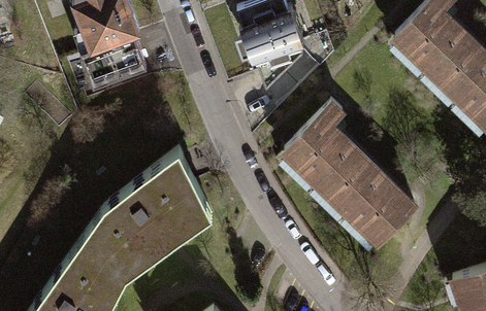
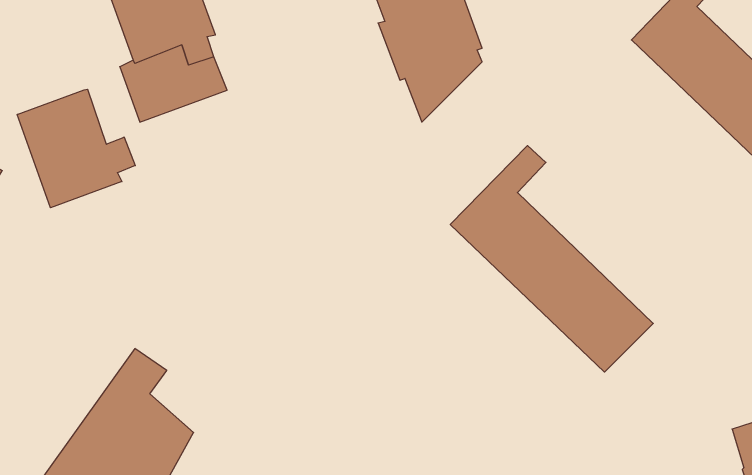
building: none -> [17,89,135,208]
building: [90,146,212,276] -> none

